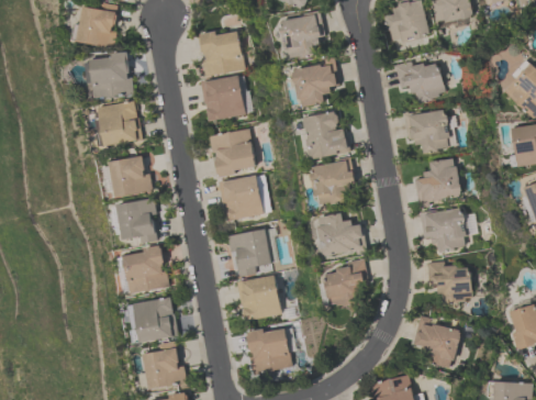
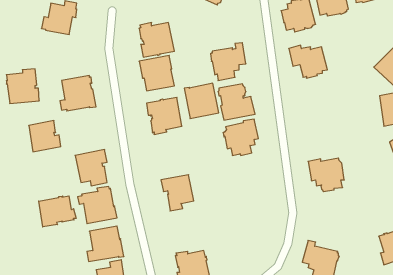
building: [278,10,324,58] -> none
building: [89,52,132,97] -> [6,69,39,103]
building: [402,109,448,153] -> none
building: [109,155,150,196] -> [29,121,61,152]
building: [413,158,459,208] -> none
building: [216,175,261,221] -> [184,83,219,119]
building: [316,212,366,255] -> none
building: [324,257,368,307] -> none
building: none -> [39,196,76,227]
building: [425,262,470,304] -> none
building: [235,275,280,320] -> none

